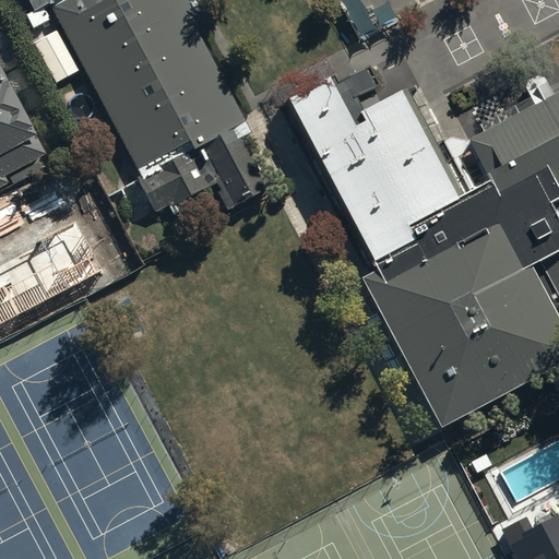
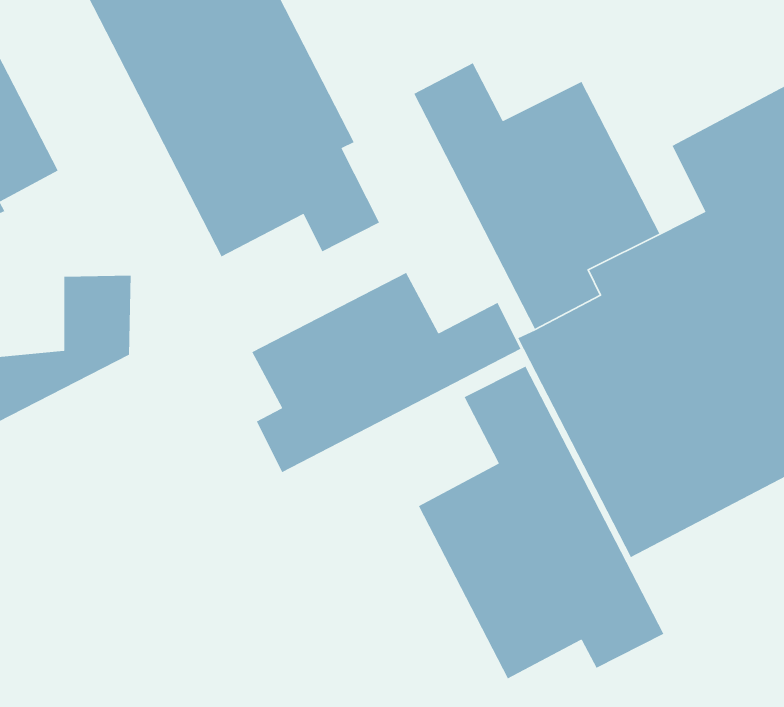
building: none -> [251,272,522,473]
building: none -> [418,366,665,680]

